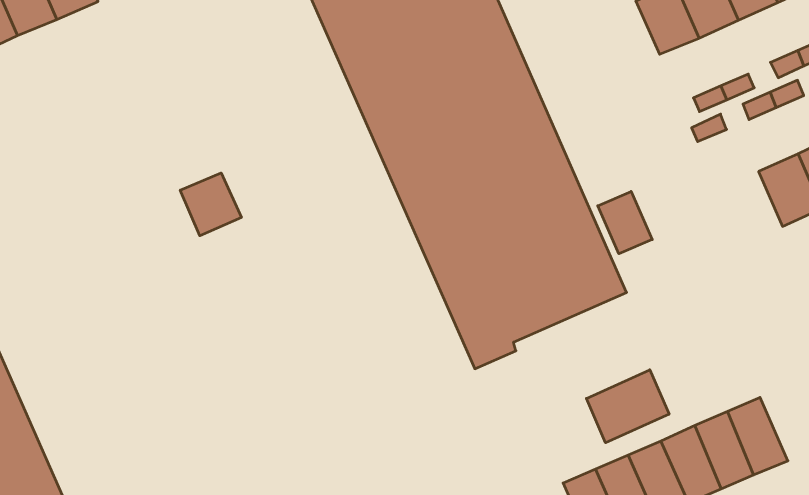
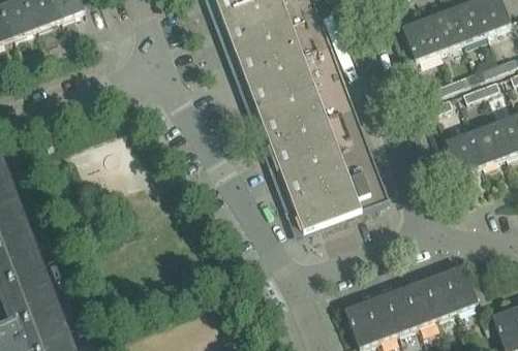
building: none -> [445,131,482,173]
building: [180,173,241,236] -> none
building: [598,191,652,254] -> none
building: [586,370,669,443] -> none

